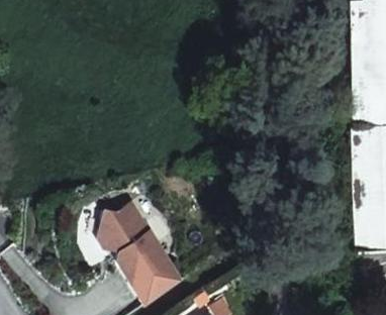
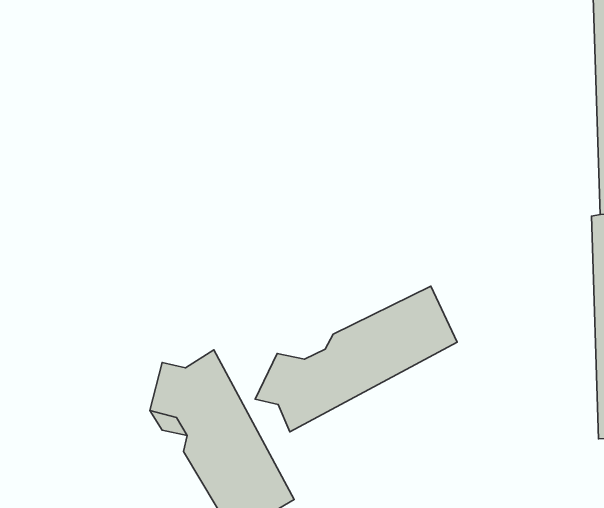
building: none -> [255,286,457,432]

